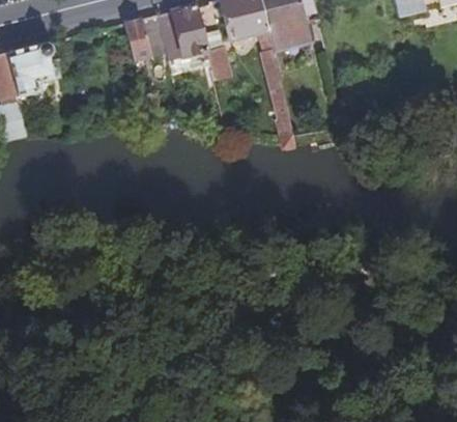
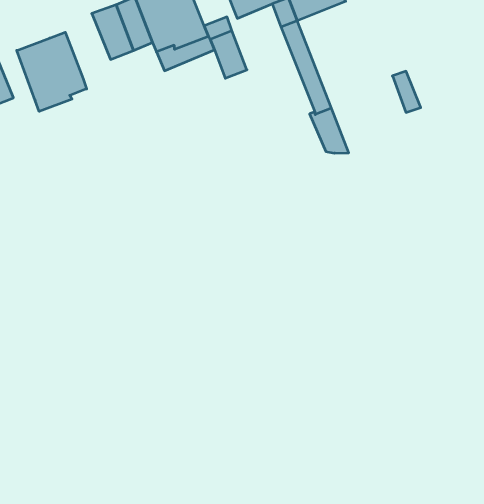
building: none -> [17,32,87,111]

